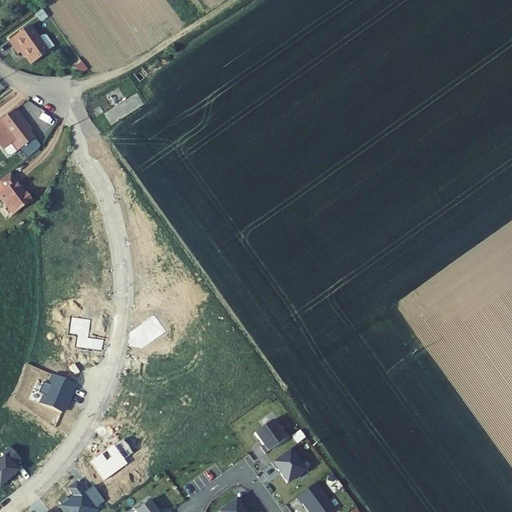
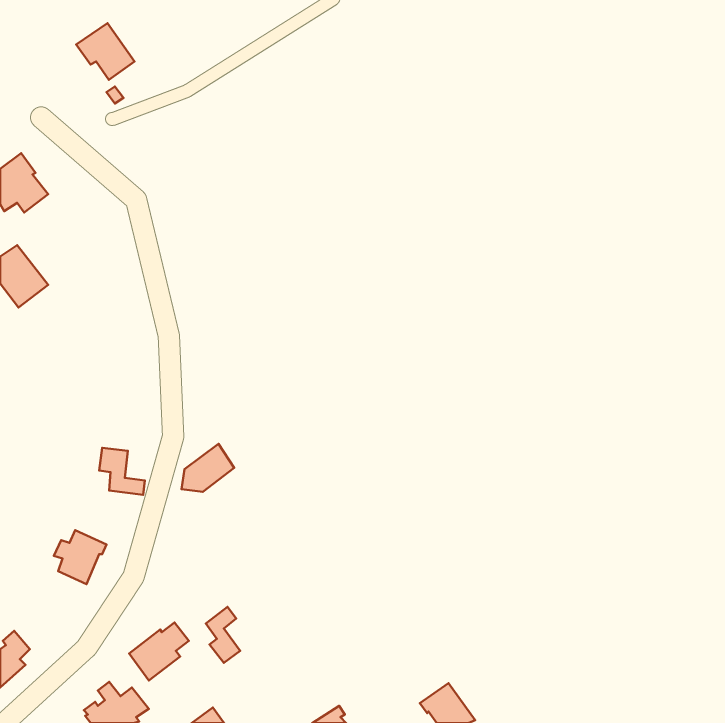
building: [8,24,49,64] -> [76,23,134,80]
building: [255,420,285,452] -> none
building: none -> [206,607,240,663]
building: [271,449,304,482] -> none

